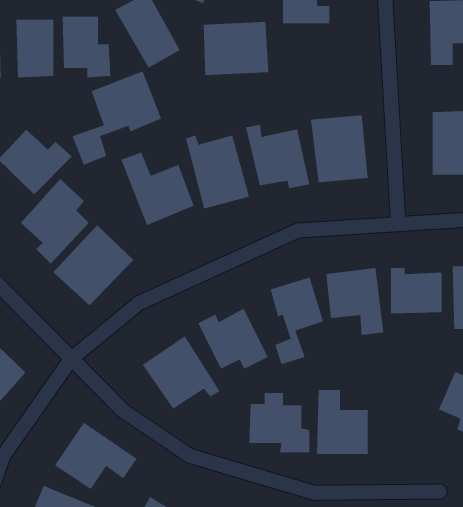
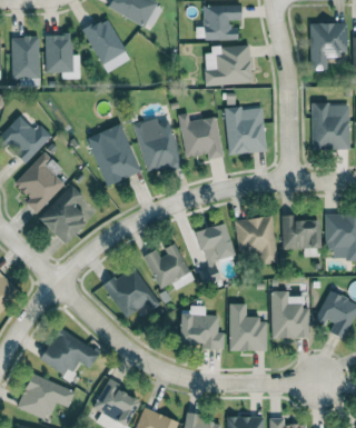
building: [203,22,269,76] -> [205,46,253,84]
building: [72,70,162,165] -> none
building: none -> [271,290,310,338]

